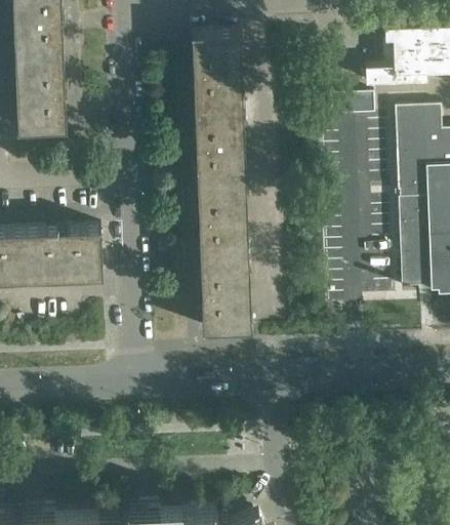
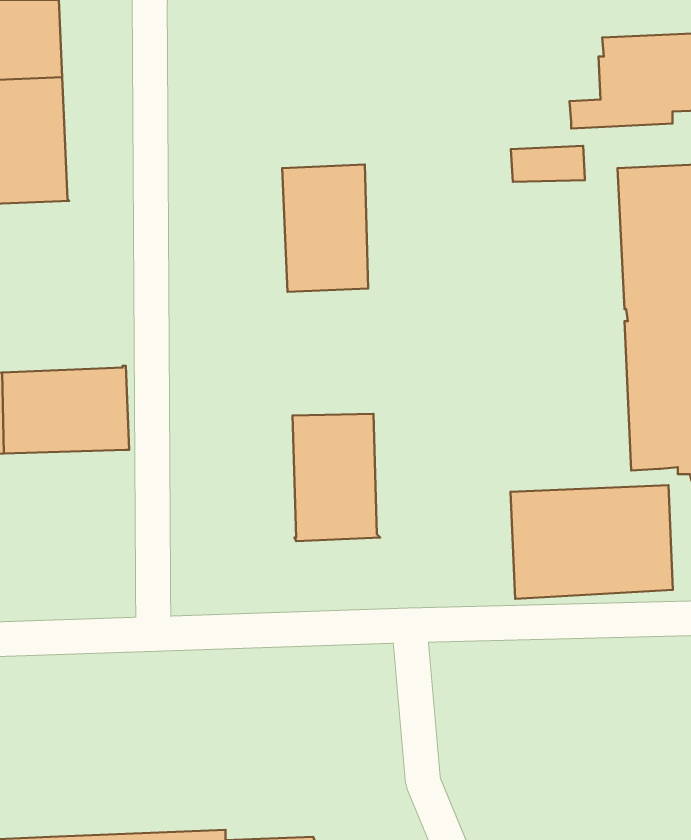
building: [191,34,243,110] -> none
building: [197,181,248,257] -> none
building: none -> [511,485,673,599]

